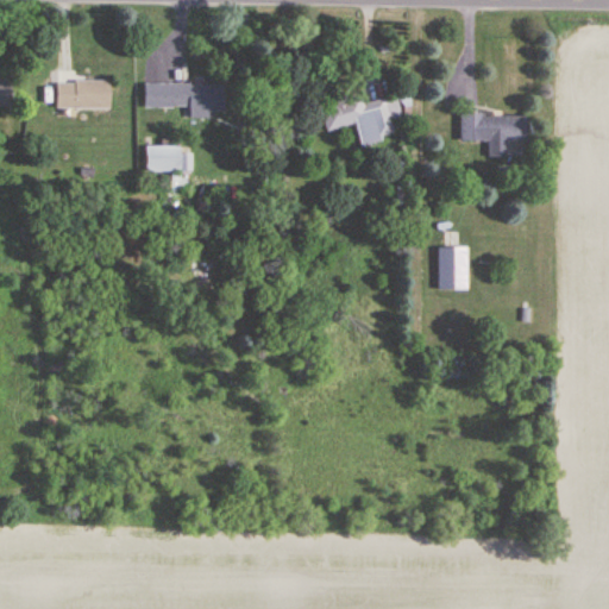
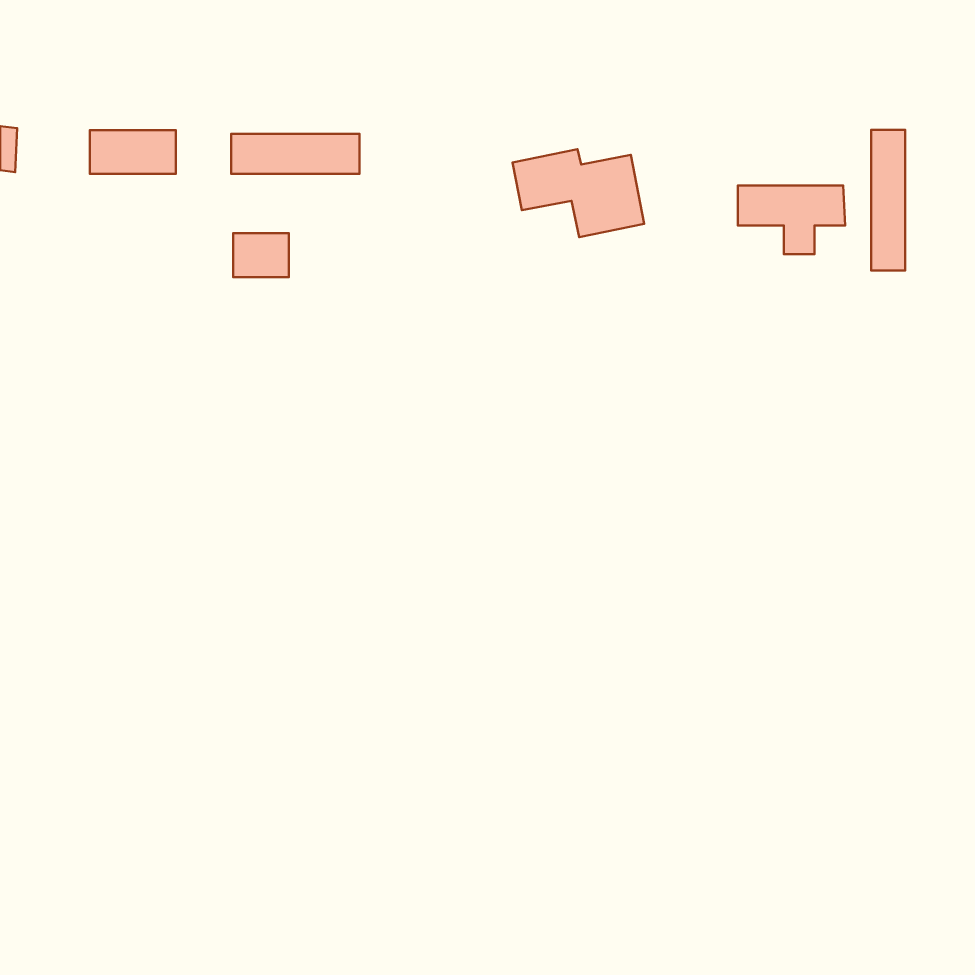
building: none -> [871,130,905,271]
building: [439,247,467,289] -> none

